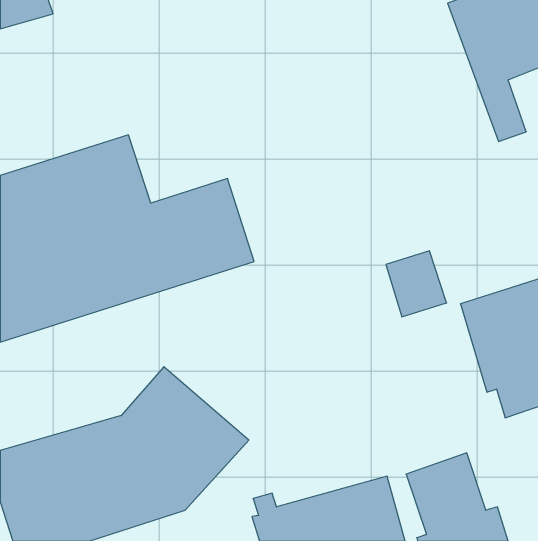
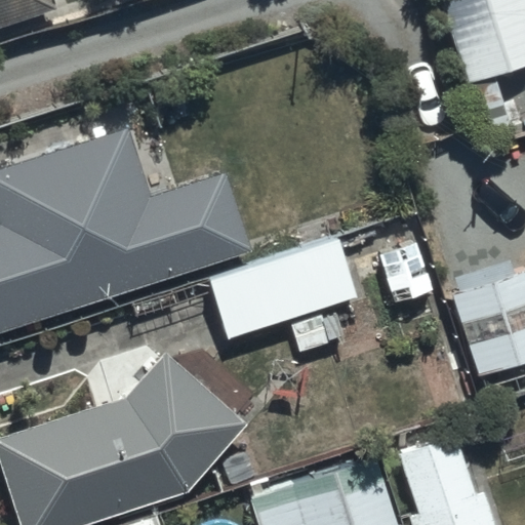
building: none -> [208,233,357,352]

